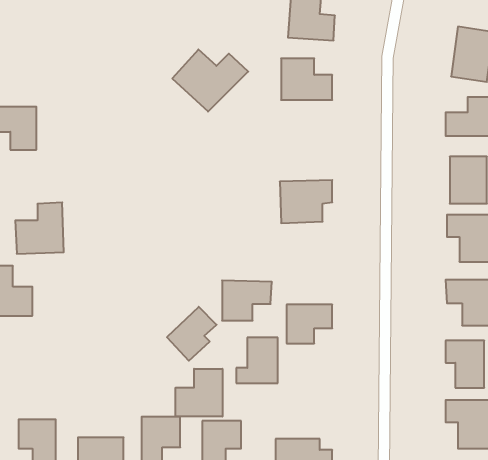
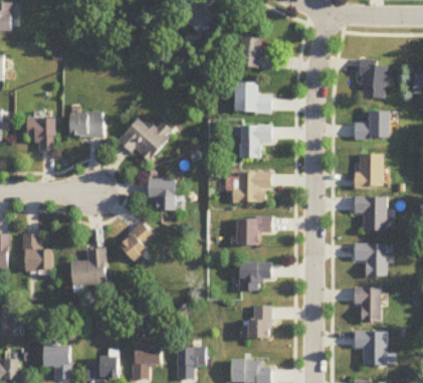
building: [172,49,248,112] -> [120,118,175,163]
building: none -> [70,113,103,137]
building: none -> [239,126,271,158]
building: none -> [148,179,178,210]
building: [15,202,64,254] -> [71,247,107,284]
building: [222,280,272,321] -> [236,215,272,244]
building: [167,307,217,361] -> [120,222,156,261]
building: [236,338,278,383] -> [241,305,271,338]
building: [176,369,222,417] -> none

